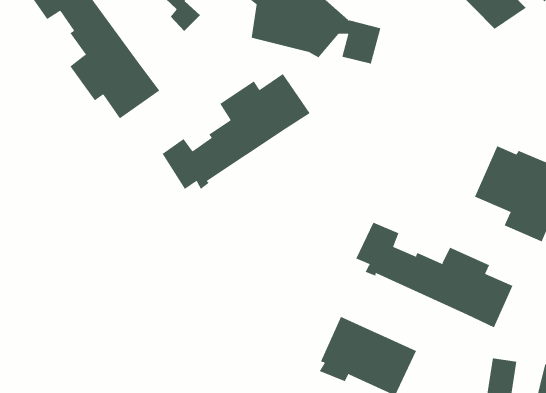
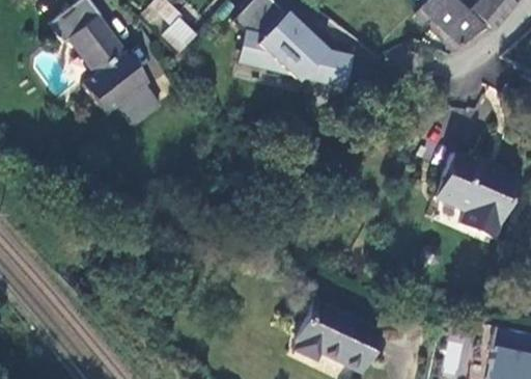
building: [162,73,311,190] -> none
building: [355,222,513,328] -> none

